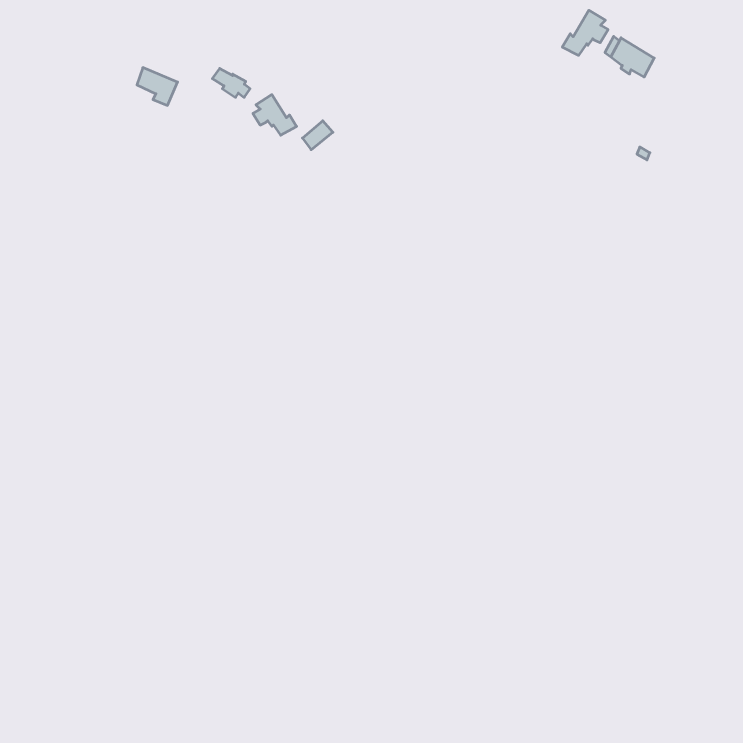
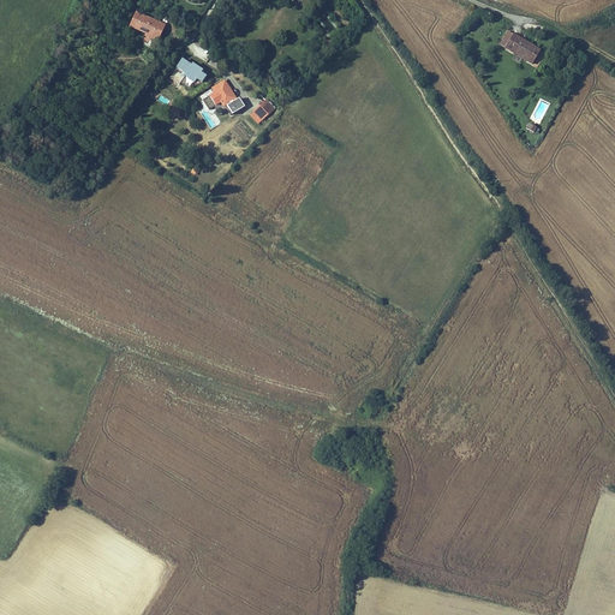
building: [562,10,608,55] -> none
building: [137,68,178,105] -> [130,11,163,42]

